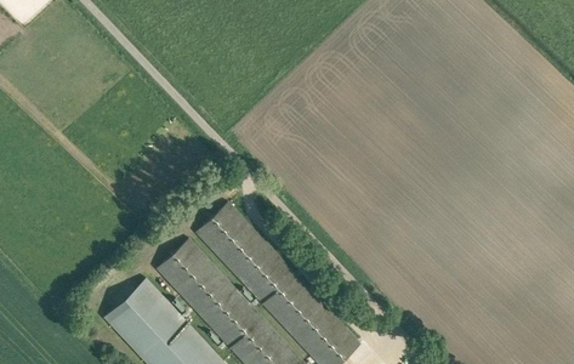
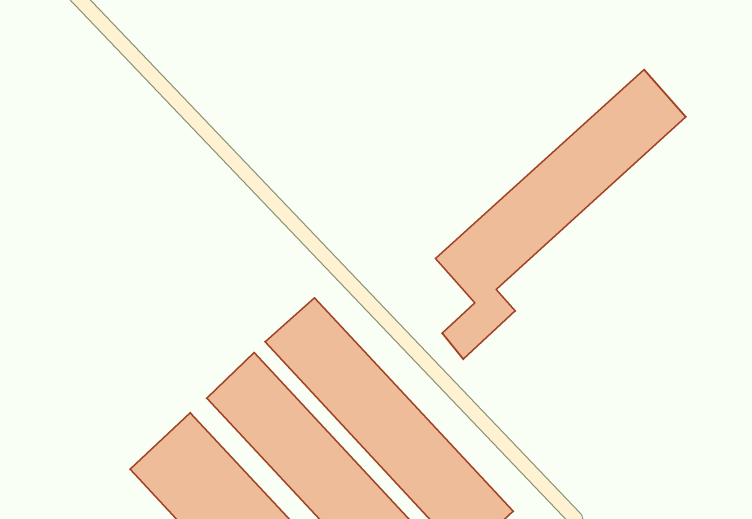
building: none -> [436,70,686,359]

